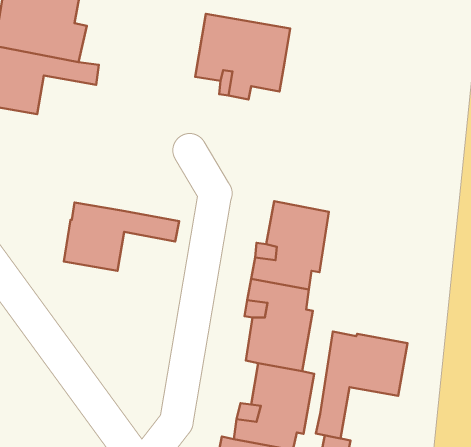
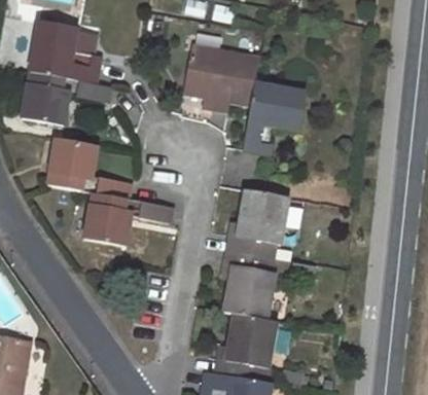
building: none -> [244,82,305,152]
building: none -> [48,136,132,197]
building: [316,331,407,439] -> none

